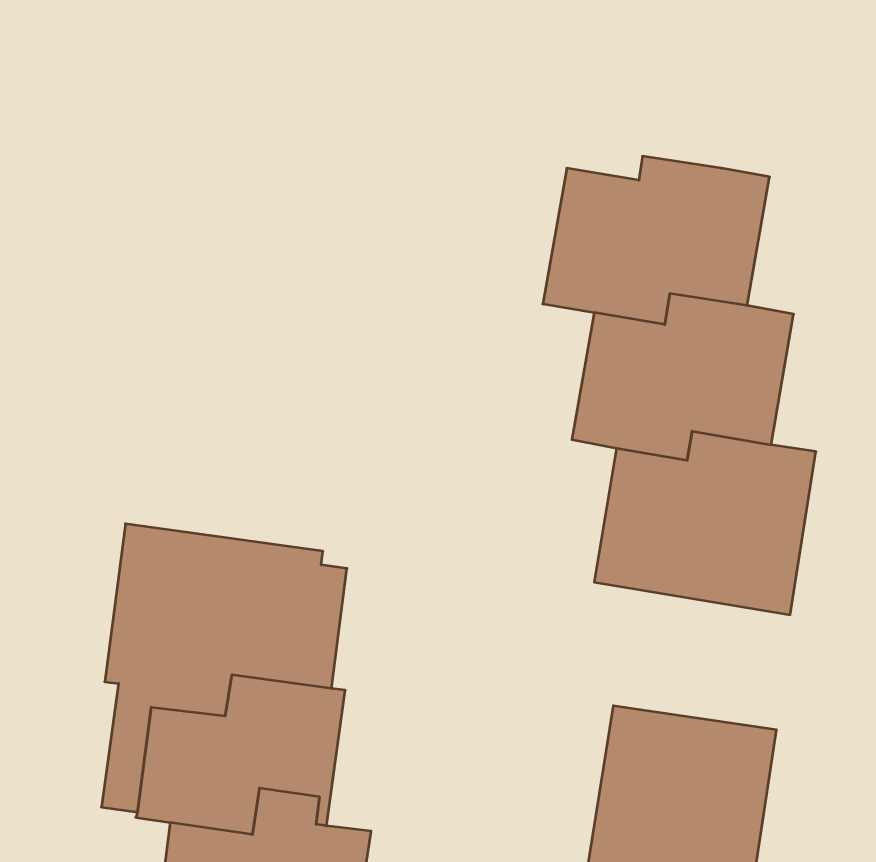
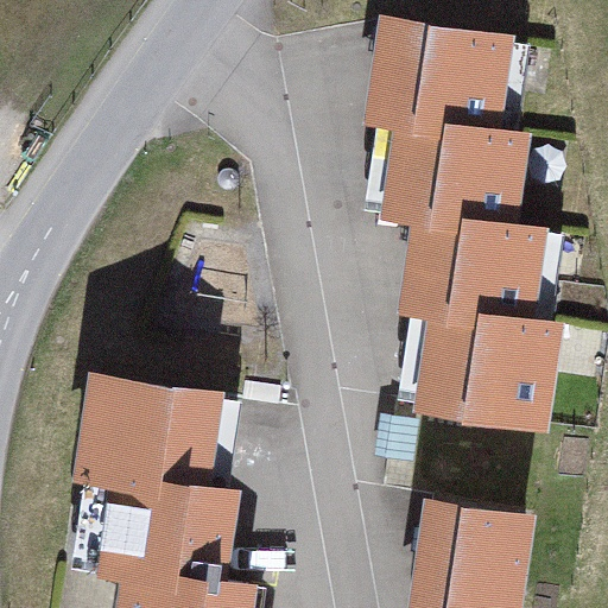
building: none -> [363,15,513,135]

